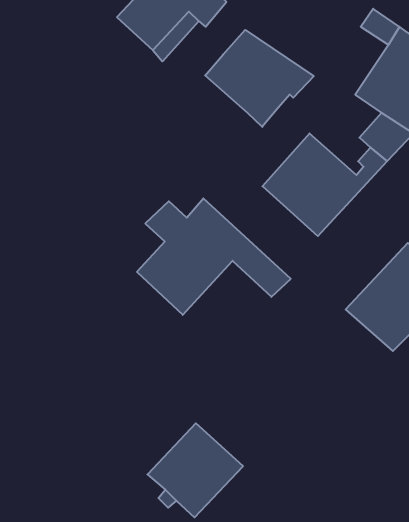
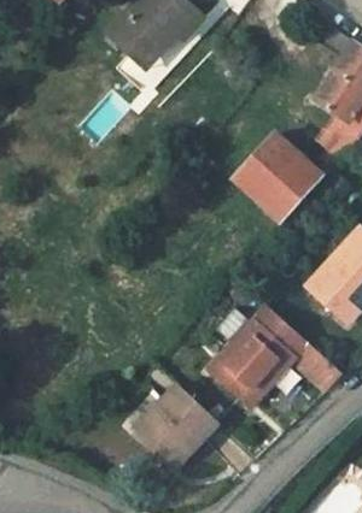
building: [205,30,314,127] -> none
building: [137,198,291,315] -> [208,305,341,406]

